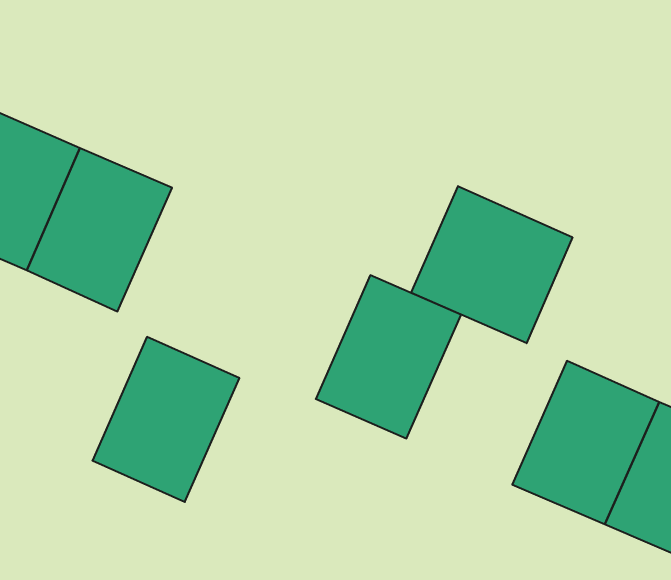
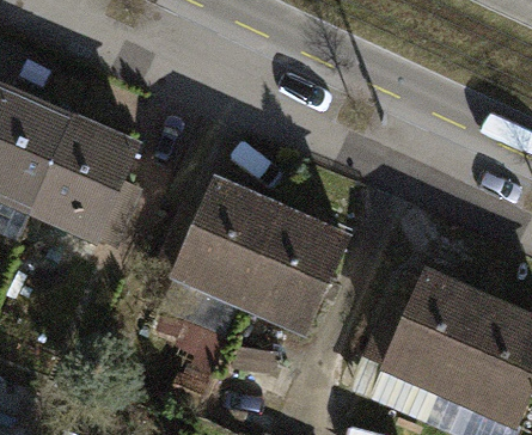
building: [411,186,572,343] -> none
building: [92,337,239,502] -> [173,182,280,301]

